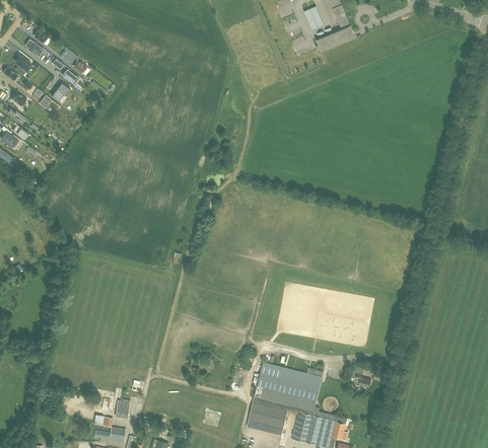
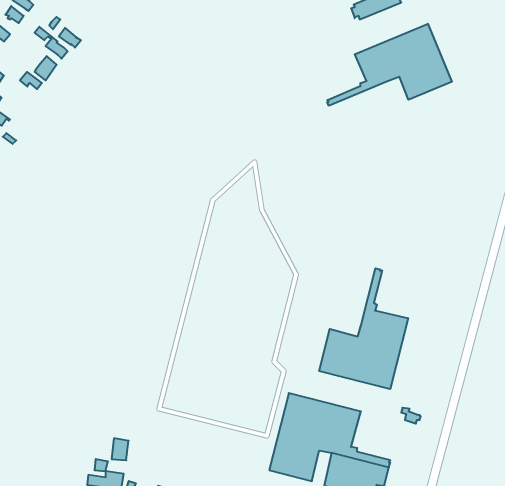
building: none -> [327,24,452,106]
building: none -> [319,268,408,389]

